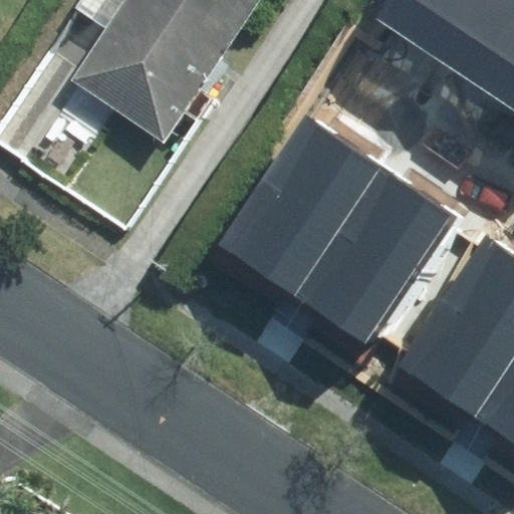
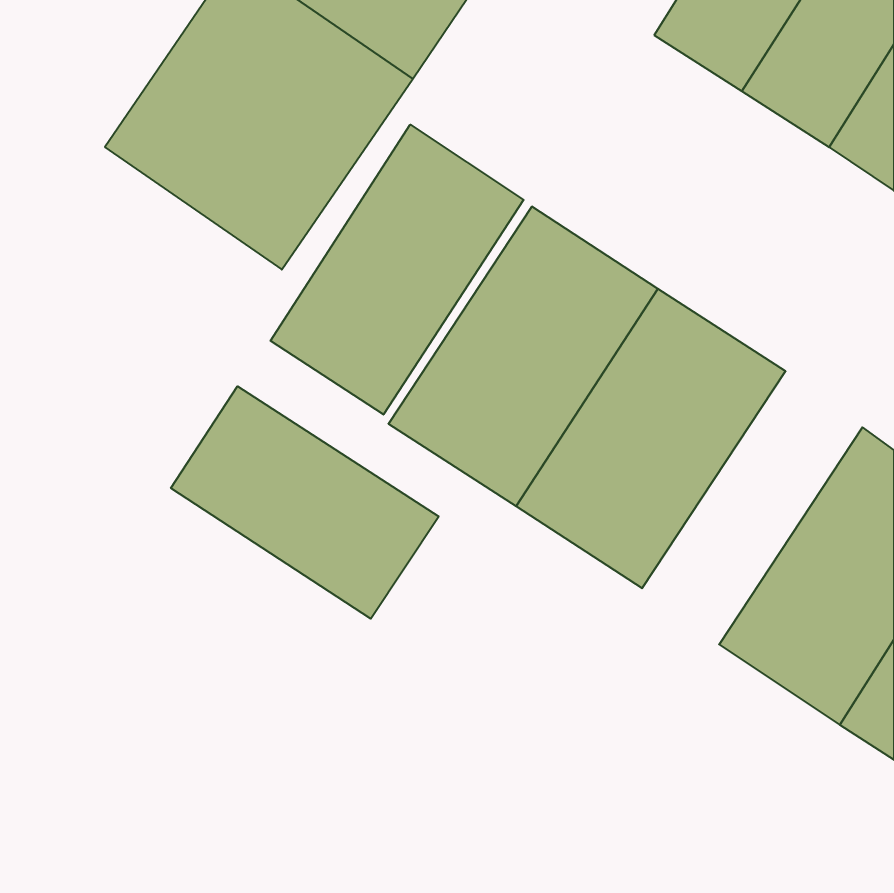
building: none -> [271,125,524,415]
building: none -> [171,386,439,619]

